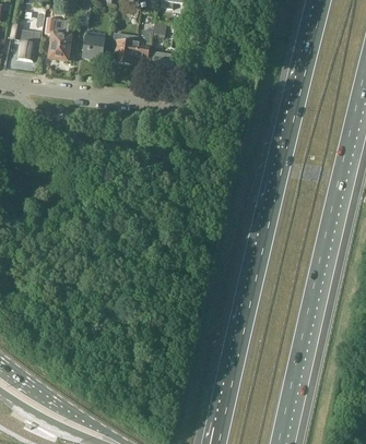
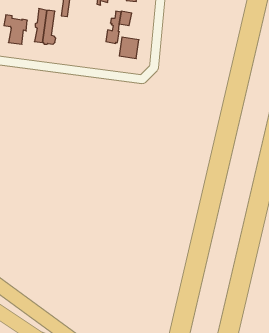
building: [113,32,141,64] -> none
building: [83,33,107,61] -> none

